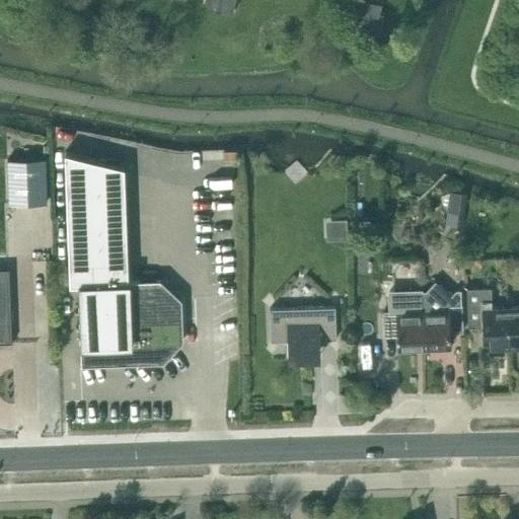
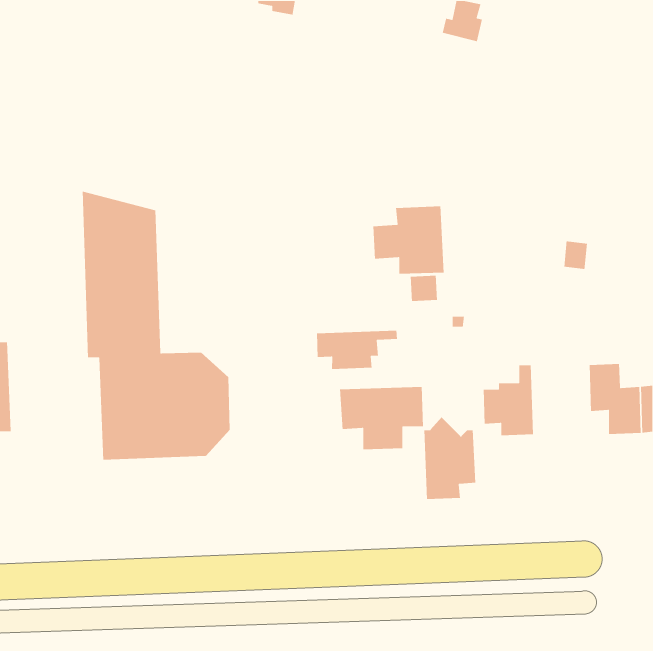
building: [8,160,47,206] -> none
building: none -> [373,205,444,274]
building: none -> [316,330,398,370]
building: [421,281,462,347] -> [424,417,476,500]

